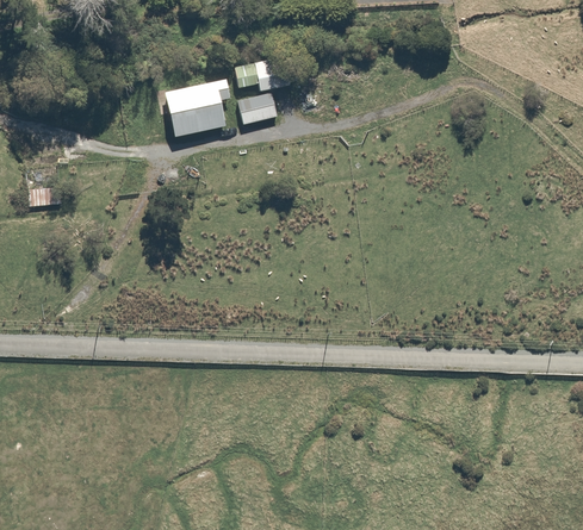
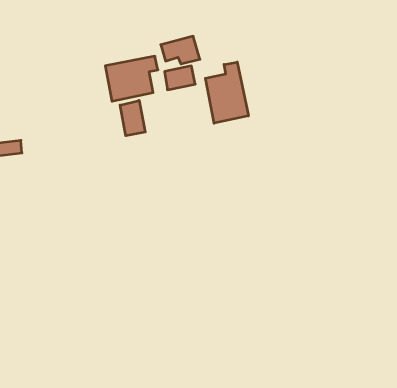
building: none -> [205,62,248,123]
building: none -> [120,100,145,136]

